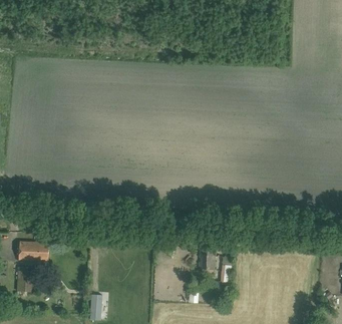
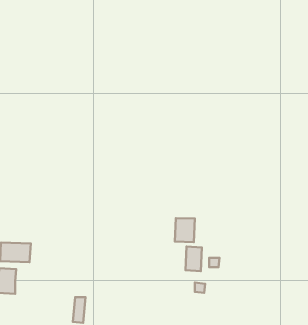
building: none -> [175,218,195,242]

